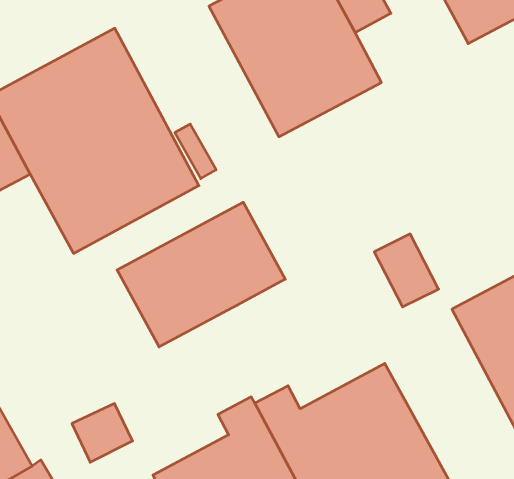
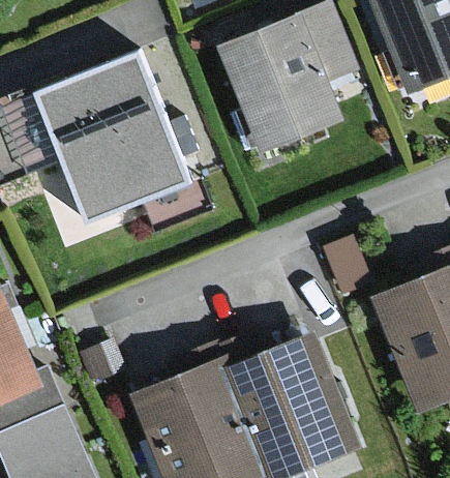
building: [117,202,285,347] -> none

